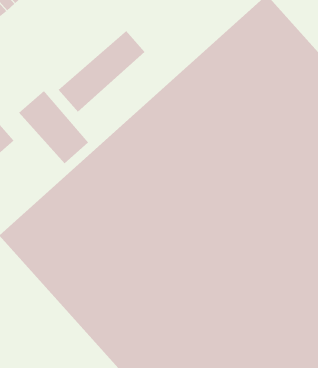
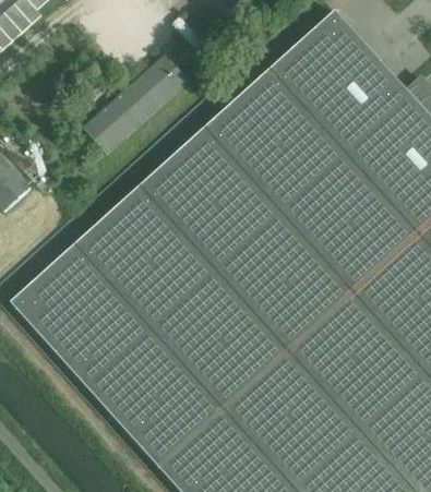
building: [18,90,89,164] -> none

